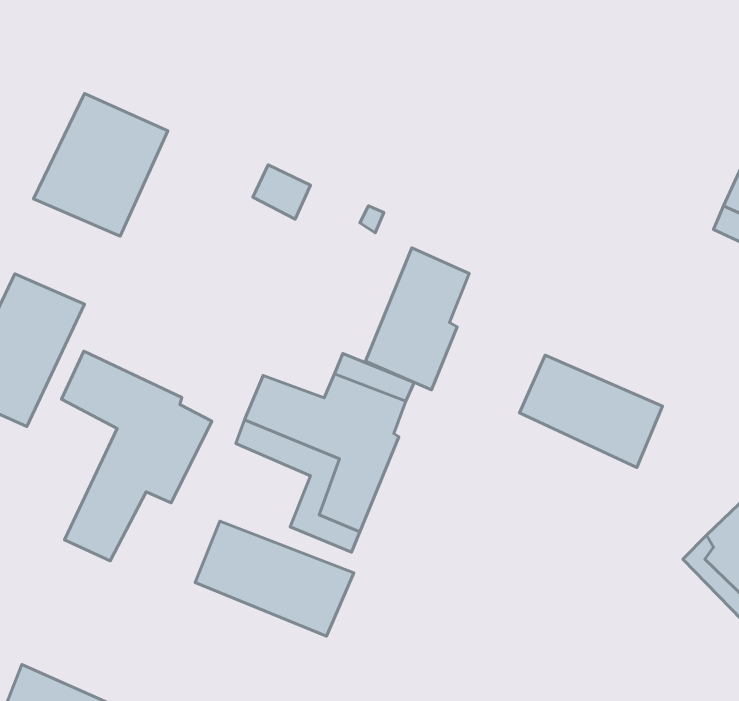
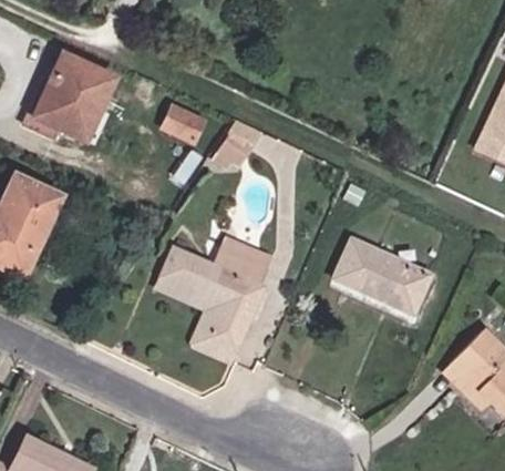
building: [365,248,469,390] -> none
building: [62,351,212,561] -> none
building: [195,521,354,636] -> none

